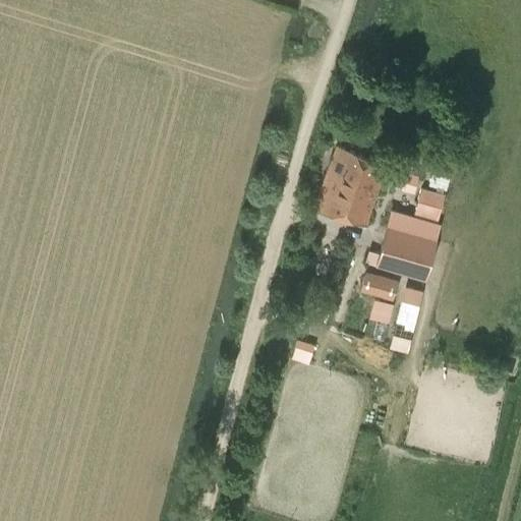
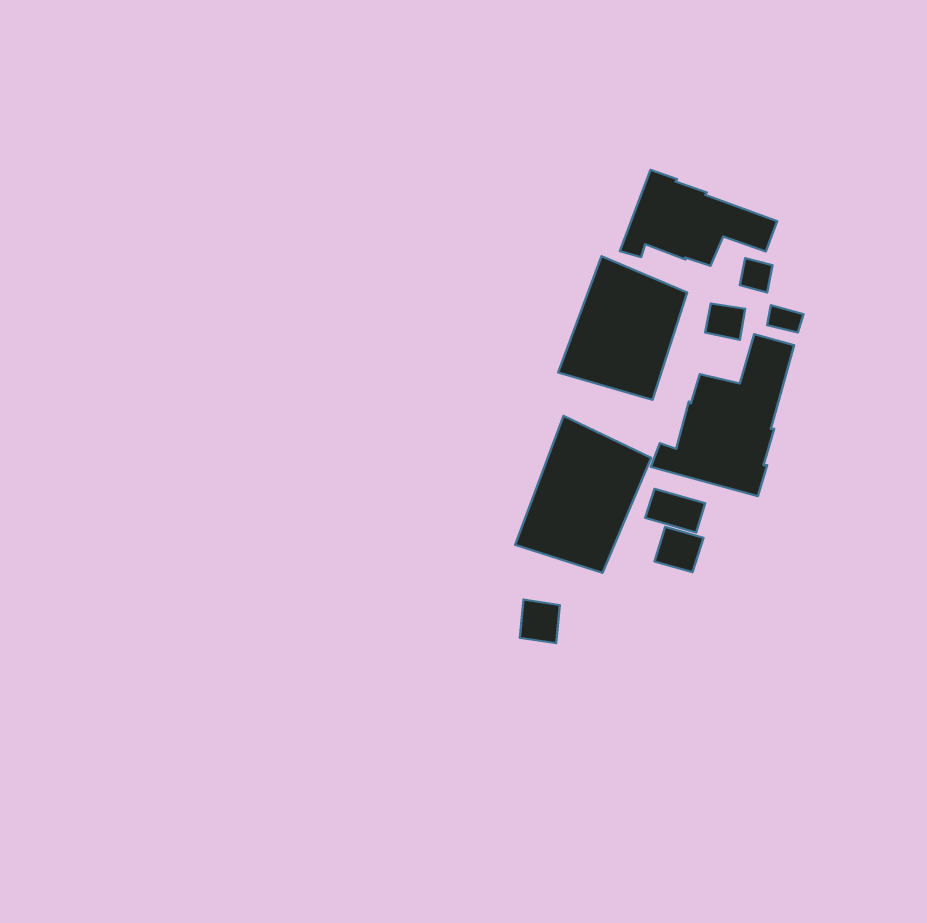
building: none -> [620,170,777,266]
building: none -> [515,416,651,573]

